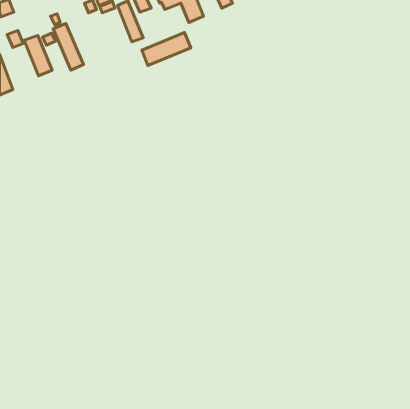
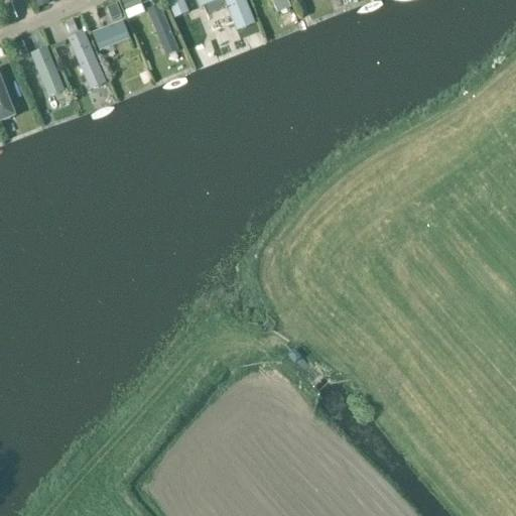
building: none -> [92,17,130,47]
building: [142,33,191,65] -> none

